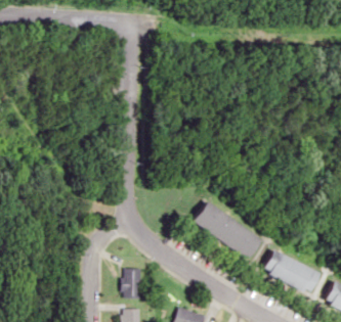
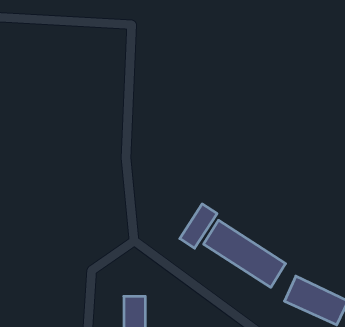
building: none -> [180,204,217,248]

